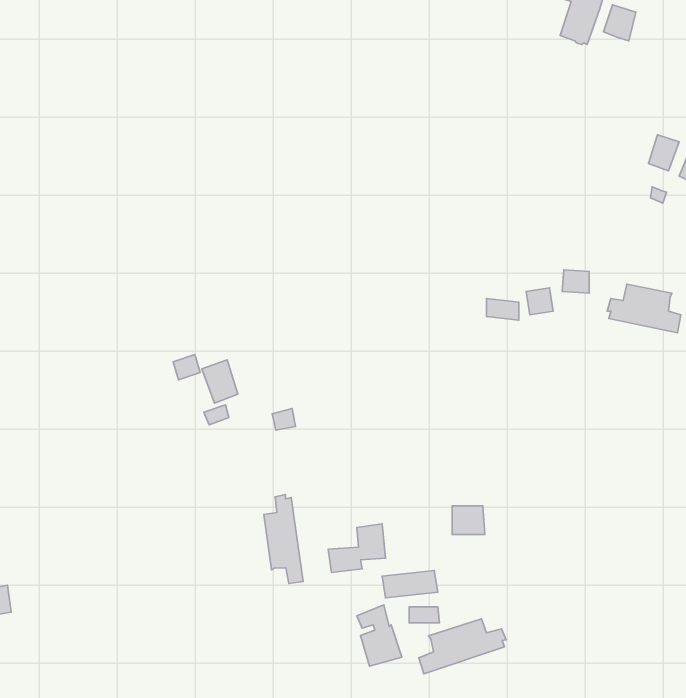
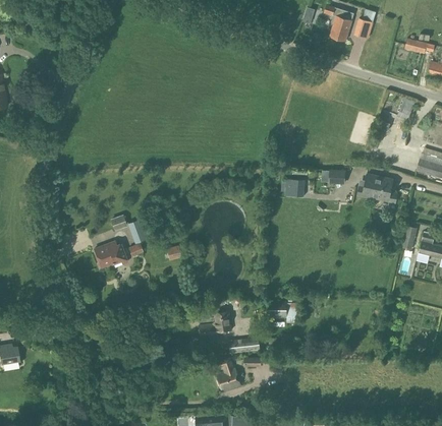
building: none -> [94,241,127,267]
building: [264,494,303,583] -> none
building: [419,619,506,674] -> none

